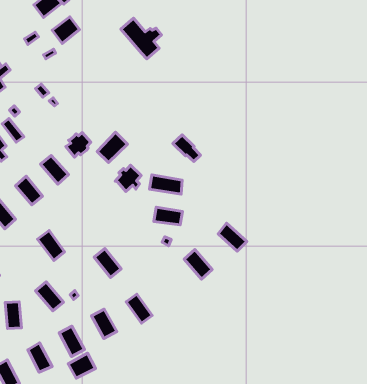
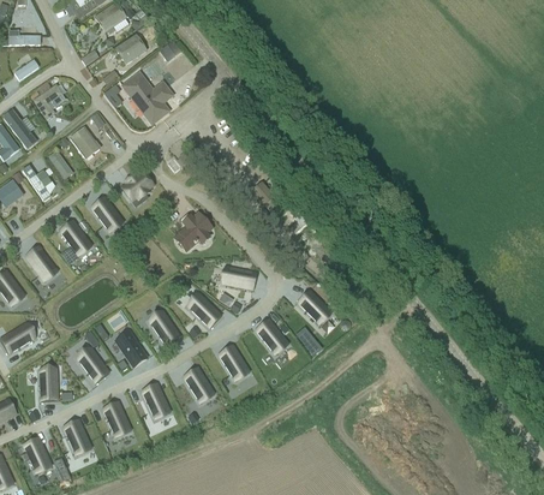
building: [121,18,162,59] -> [124,73,172,123]
building: none -> [70,126,101,159]
building: [97,132,128,162] -> none
building: [150,175,182,194] -> none
building: [37,230,64,261] -> [115,330,147,366]
building: none -> [187,293,222,327]
building: none -> [219,345,250,381]
building: [68,353,96,378] -> none

